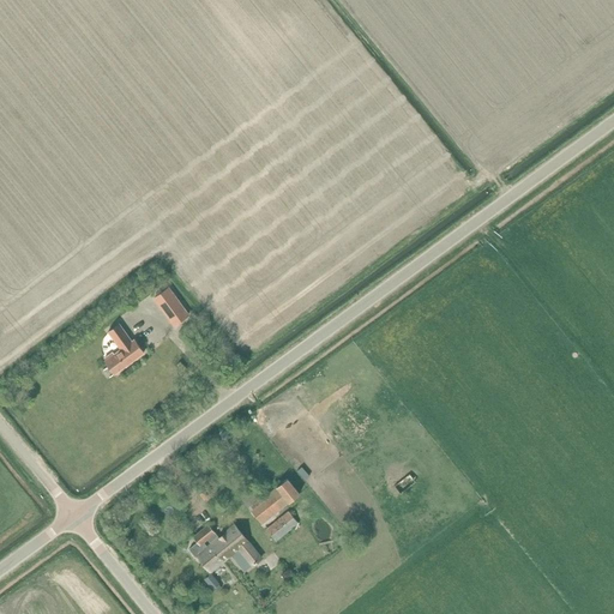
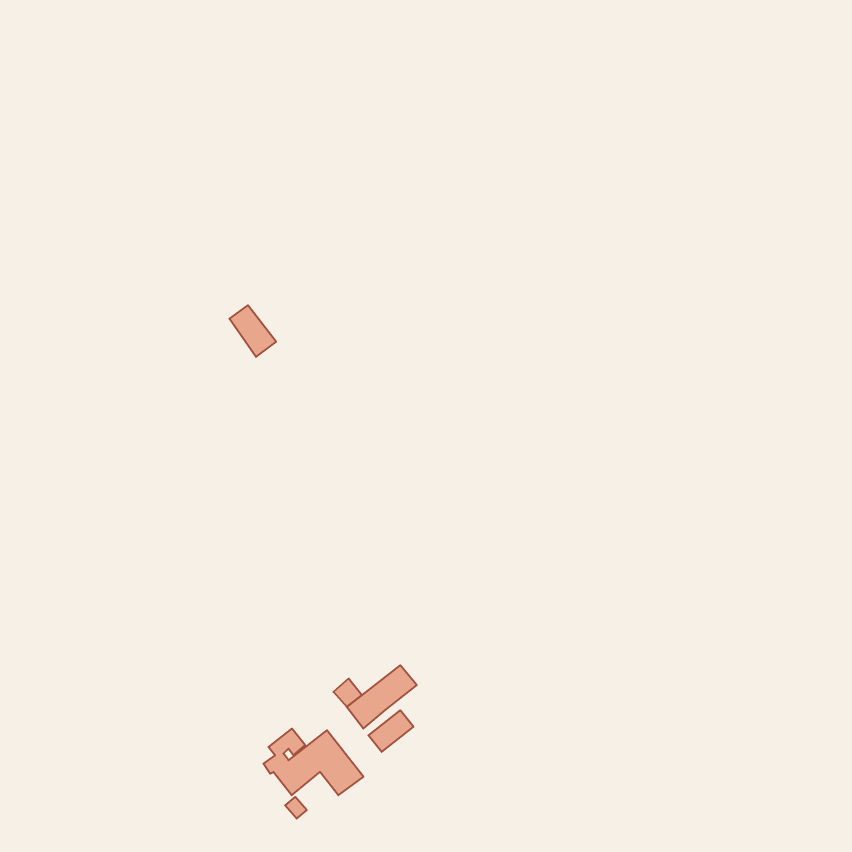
building: [155,288,188,325] -> [229,305,276,357]
building: [103,323,144,373] -> none

